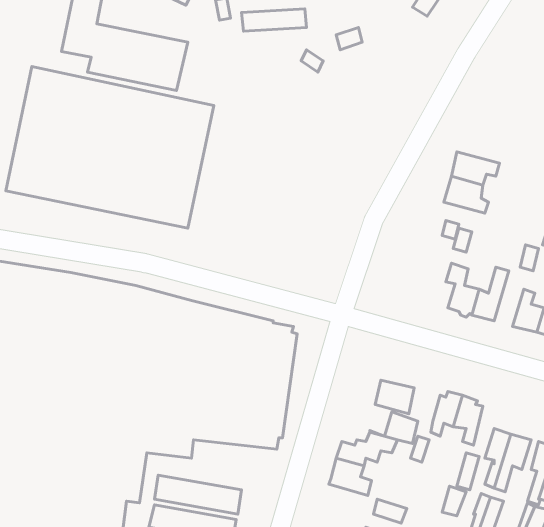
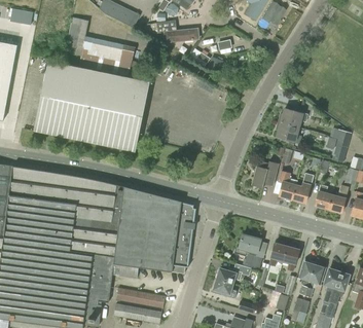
building: none -> [252,159,279,187]

